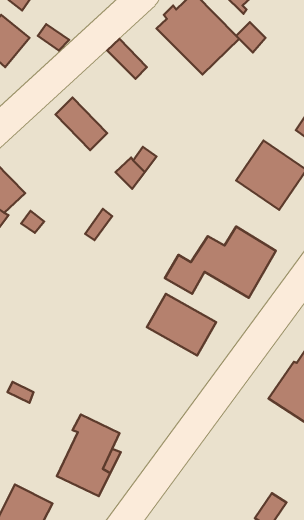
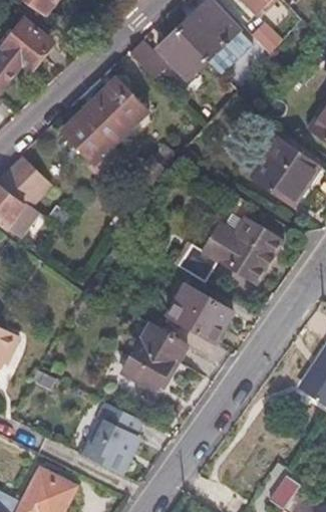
building: none -> [157,30,206,78]
building: none -> [95,77,148,131]
building: none -> [62,112,112,164]
building: none -> [123,324,188,392]

